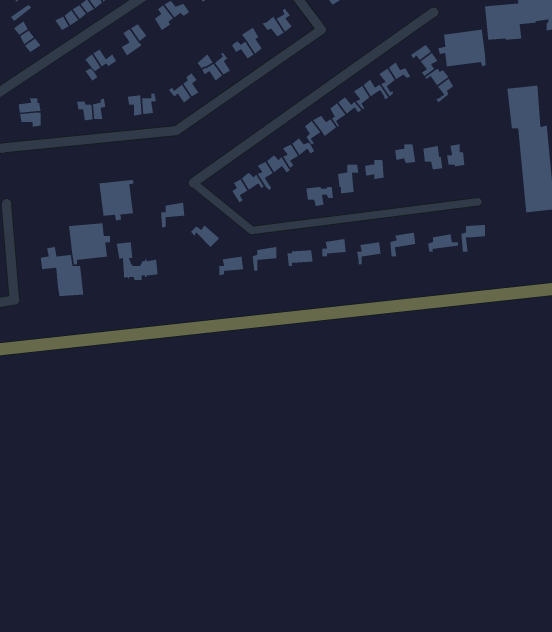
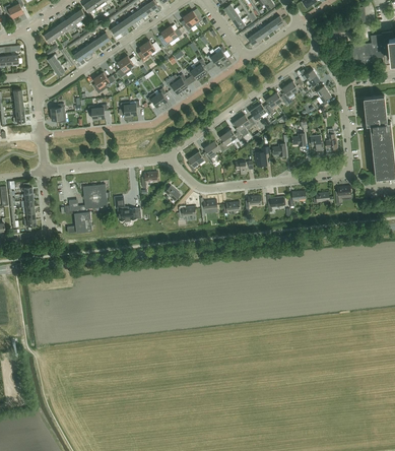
building: [437,29,487,67] -> none
building: [99,179,134,221] -> none

